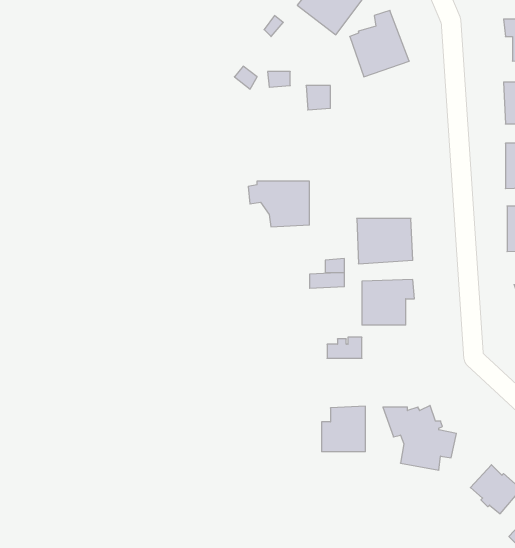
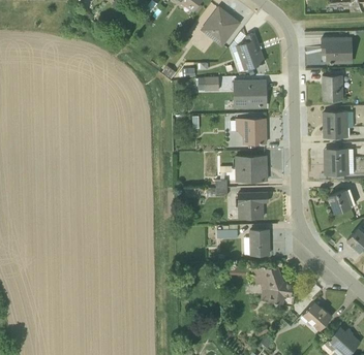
building: none -> [234,80,267,108]
building: [248,181,309,227] -> [231,119,267,146]
building: [322,406,365,452] -> [244,229,270,256]

